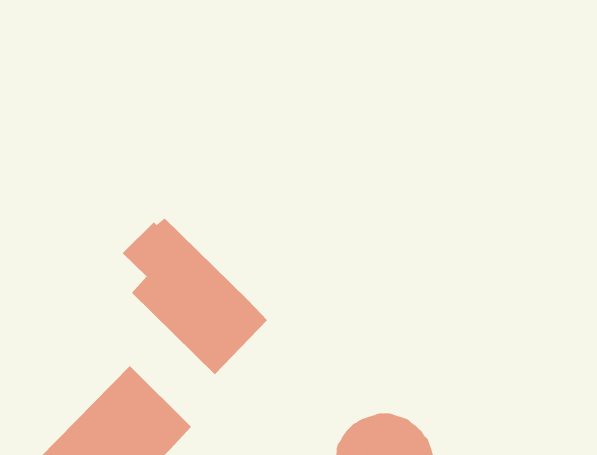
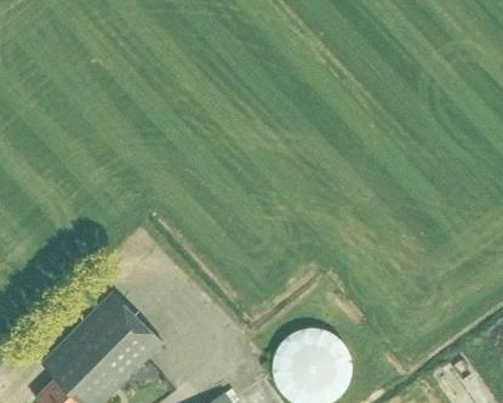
building: [122,217,268,375] -> none

